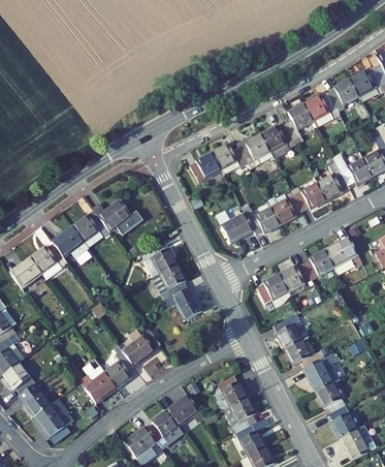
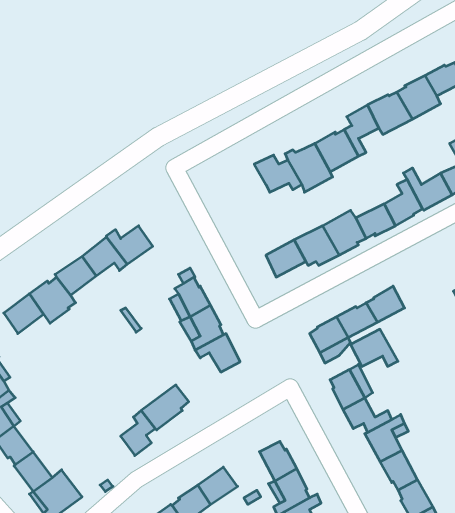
building: [190,151,222,180] -> none
building: [324,237,362,267] -> [350,329,398,366]
building: [79,363,117,401] -> none

